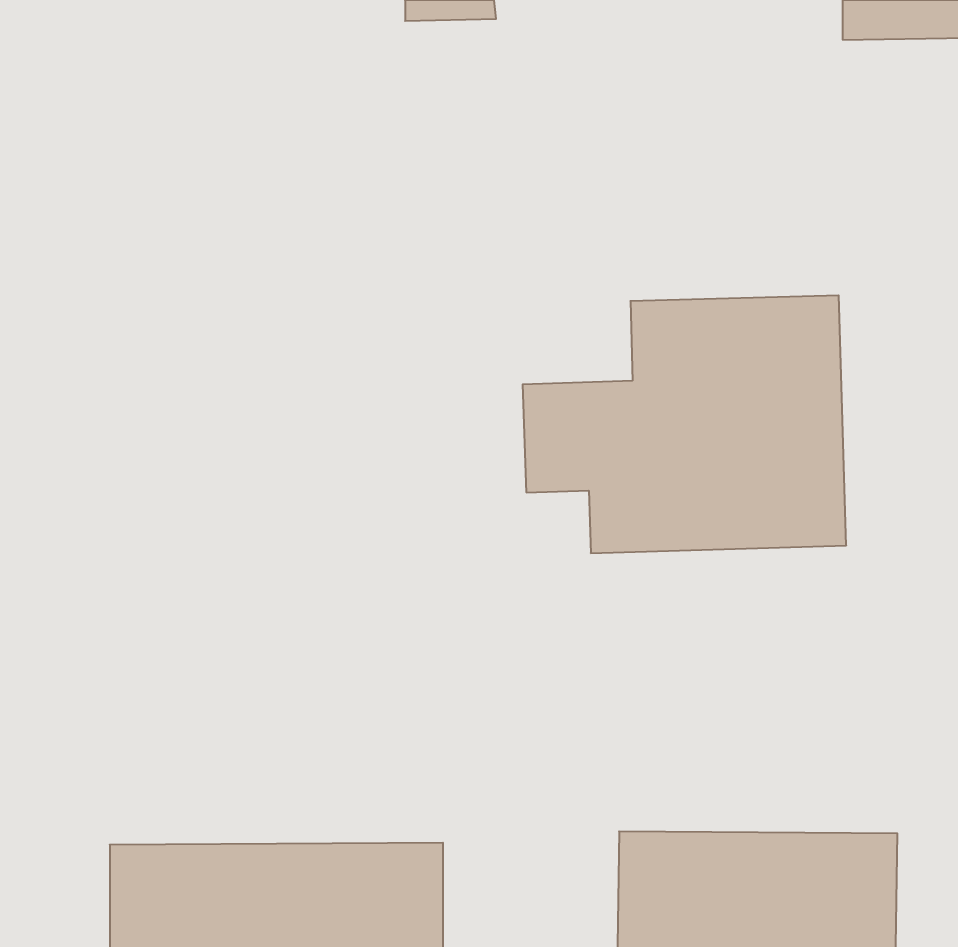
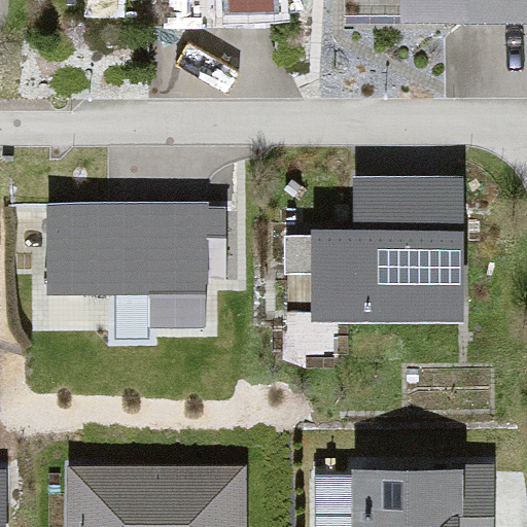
building: none -> [48,208,209,305]

